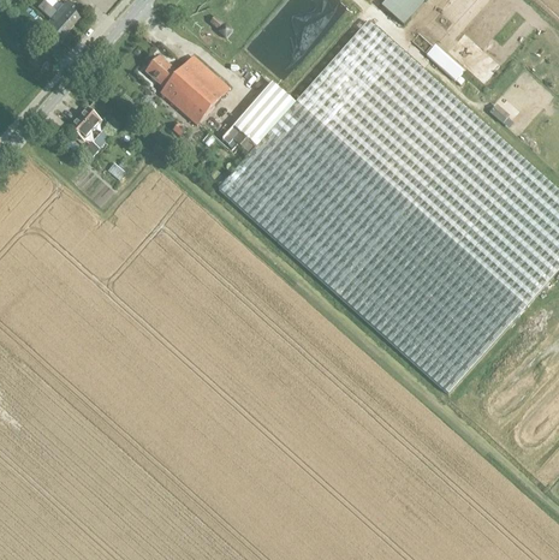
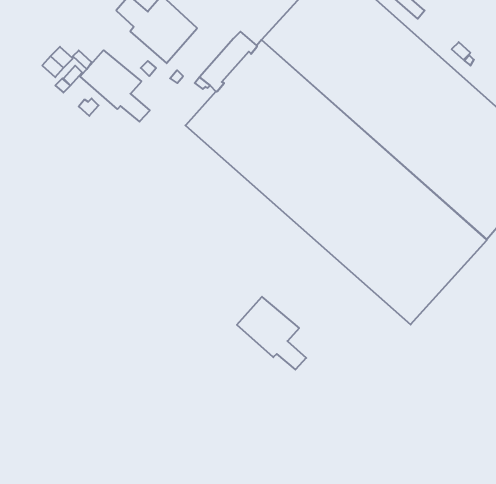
building: none -> [80,50,150,122]
building: none -> [237,297,306,370]

